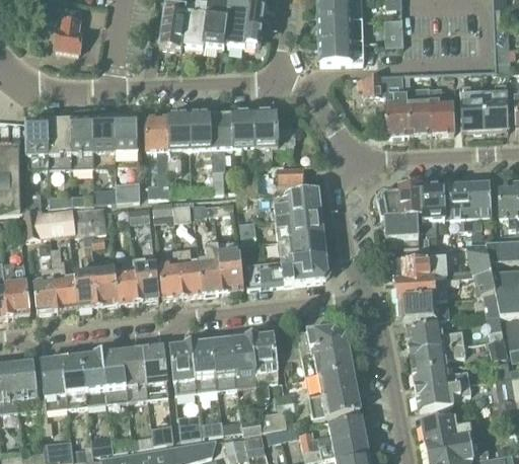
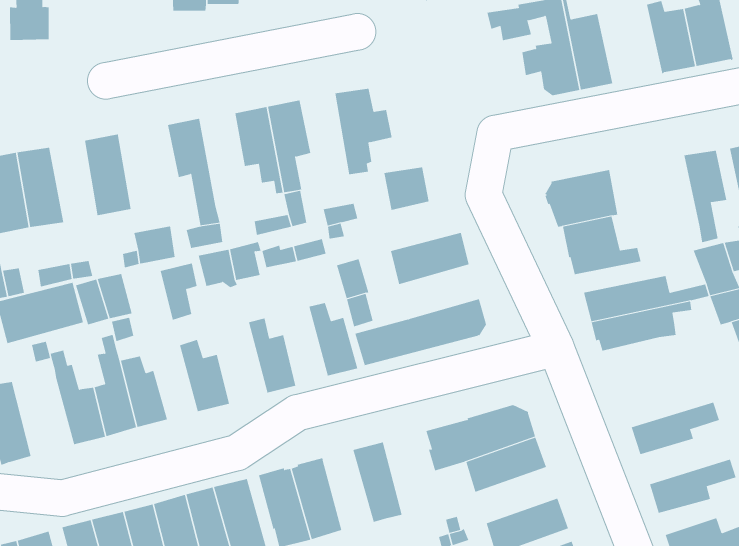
building: [428,86,454,133] -> none
building: [232,112,255,168] -> none
building: [167,115,191,172] -> none
building: [115,117,140,166] -> none
building: [70,119,93,168] -> none
building: [450,184,471,231] -> none
building: [421,185,445,233] -> none
building: [272,188,321,217] -> none
building: [277,233,326,261] -> none
building: [200,244,223,293] -> none
building: [159,248,183,297] -> none
building: [115,256,138,302] -> none
building: [33,265,57,311] -> none
building: [400,297,449,320] -> none
building: [406,323,464,351] -> none
building: [252,334,279,394] -> none
building: [213,338,238,388] -> none
building: [413,364,469,388] -> none
building: [298,368,357,397] -> none

